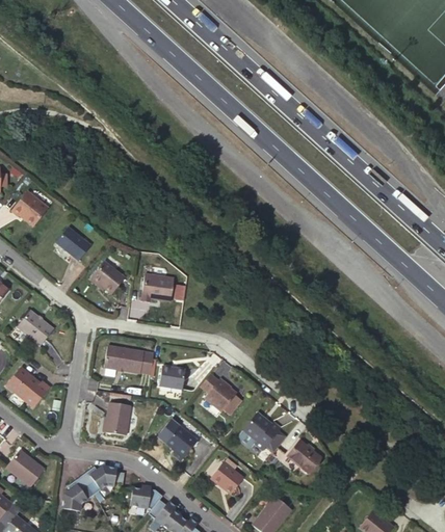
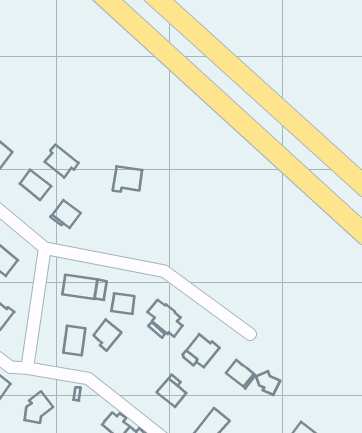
building: none -> [45,145,79,178]
building: [140,273,174,301] -> [113,166,142,191]
building: [166,425,198,460] -> [94,319,121,351]
building: none -> [256,371,280,395]
building: [80,466,116,494] -> none
building: [130,485,162,509] -> none

